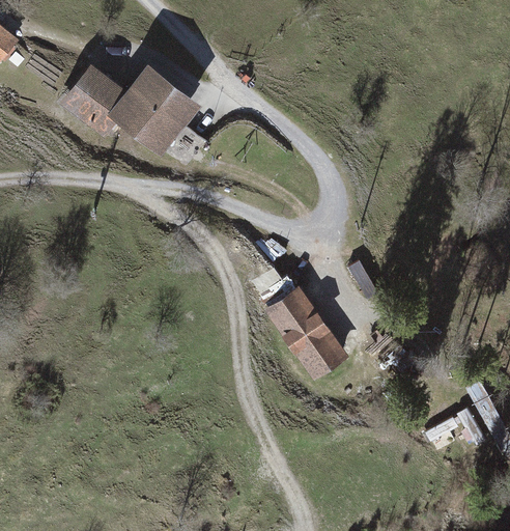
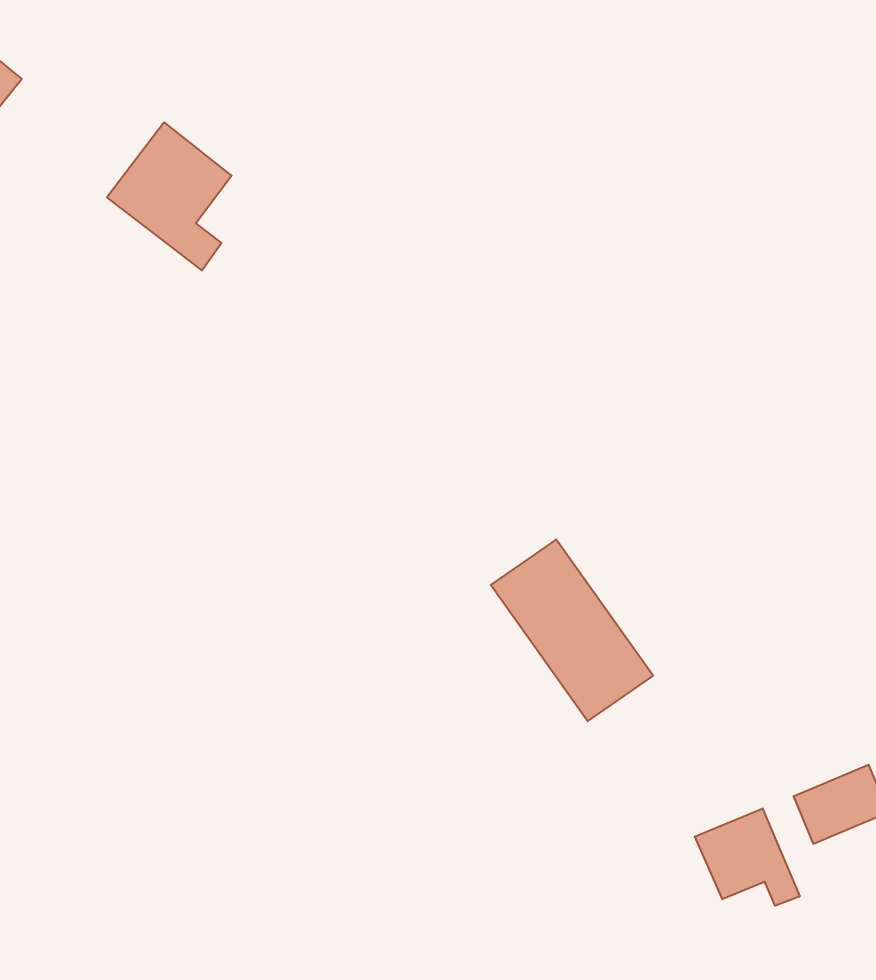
building: [108,64,199,157] -> none
building: none -> [695,808,800,906]

